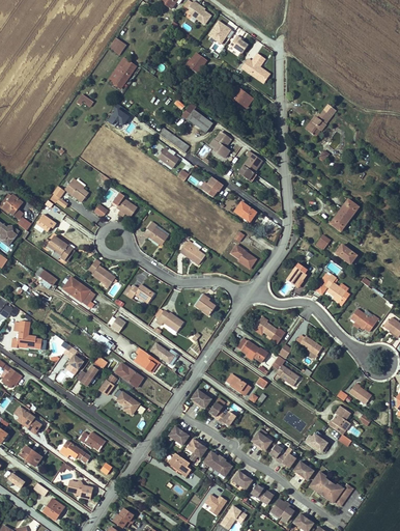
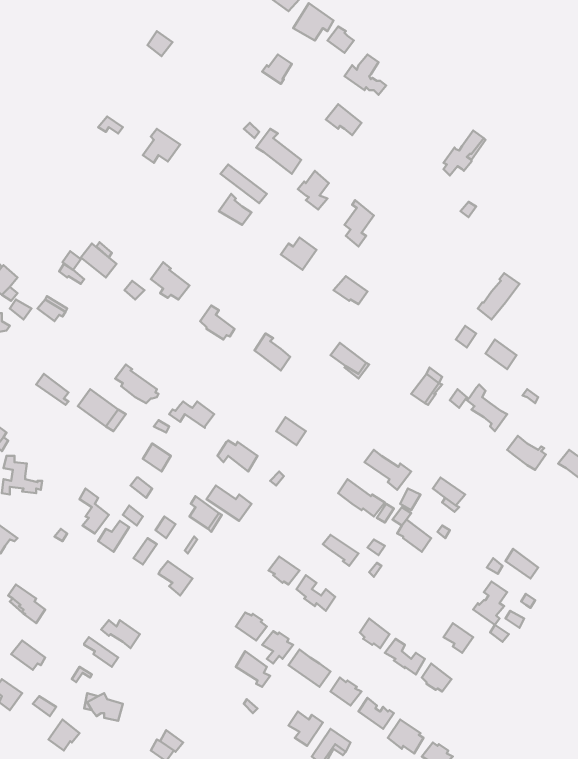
building: [108,57,136,88] -> none
building: [45,235,73,260] -> none
building: [310,471,353,506] -> none

